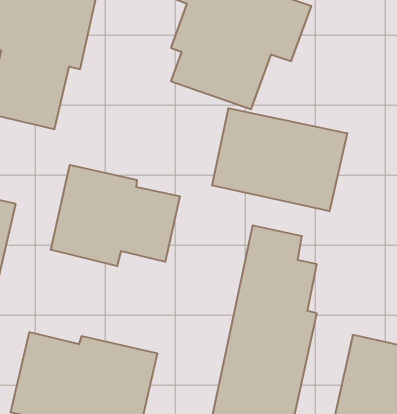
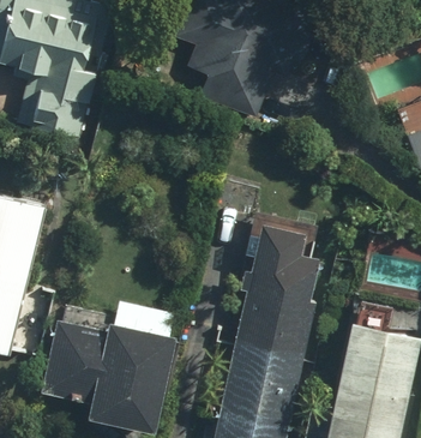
building: [212,108,347,211] -> none
building: [51,165,180,266] -> none

